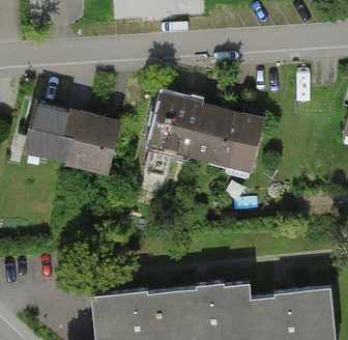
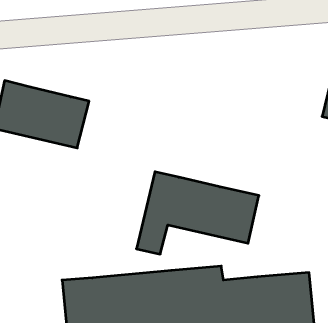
building: [146,97,263,176] -> [136,172,259,254]

